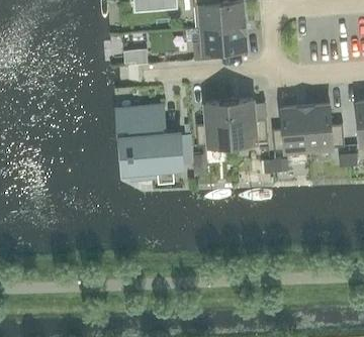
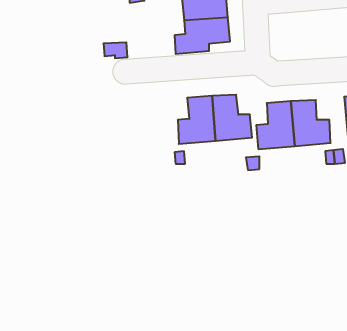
building: [115,108,181,180] -> none

